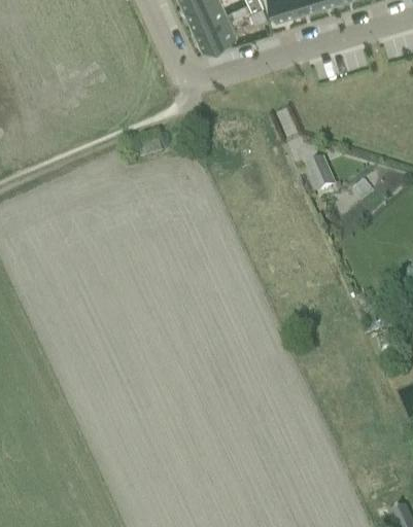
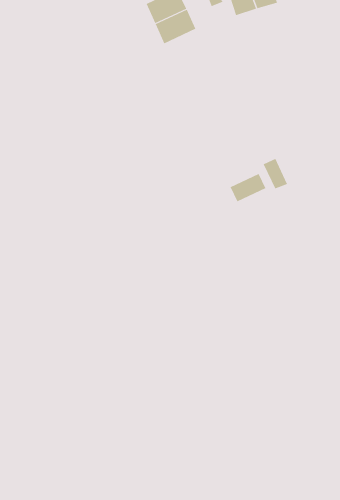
building: none -> [230,173,266,202]

